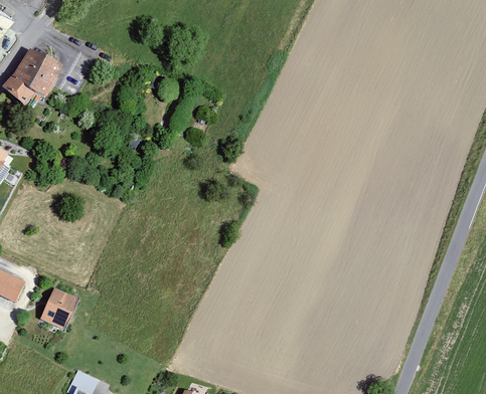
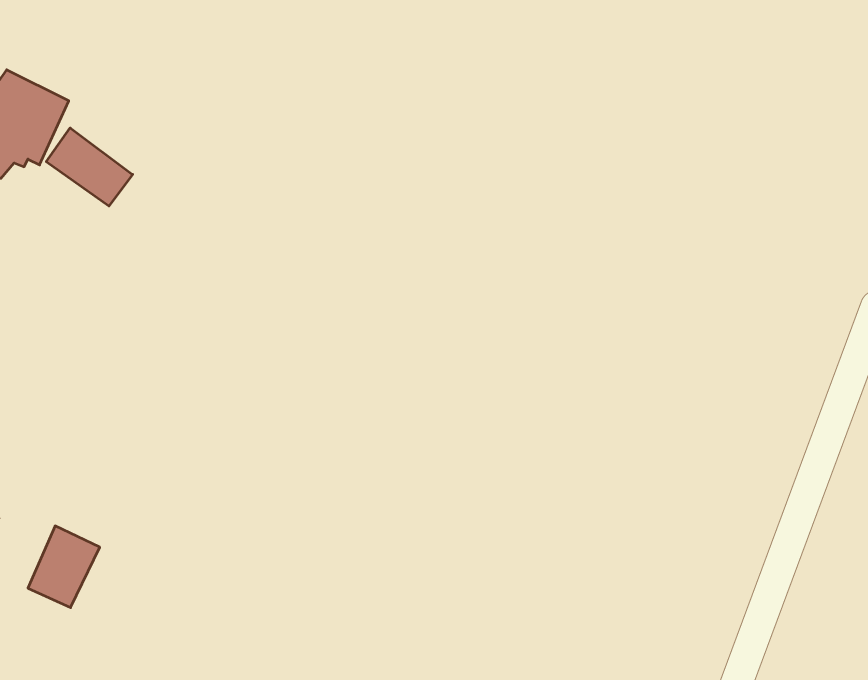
building: none -> [46,128,133,206]

